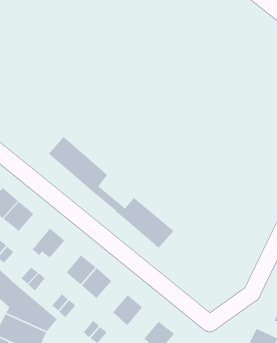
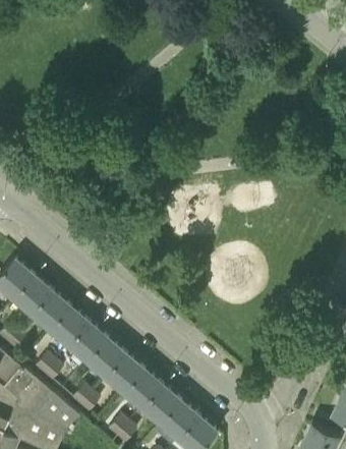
building: [48,136,174,249] -> none
building: none -> [33,290,69,328]
building: none -> [69,322,106,359]
building: none -> [124,370,161,406]
building: none -> [161,400,197,438]

